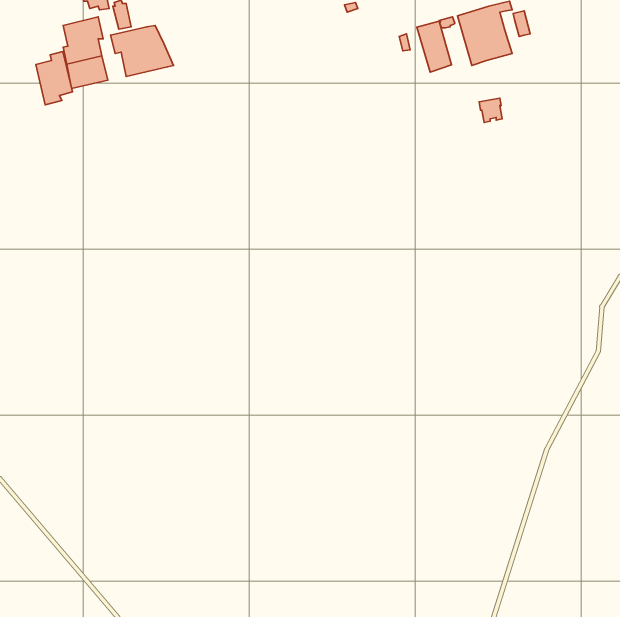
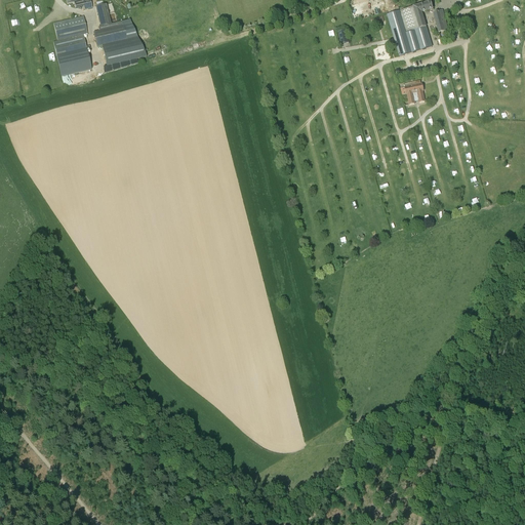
building: [417,21,452,72] -> none
building: [36,51,72,105] -> none

